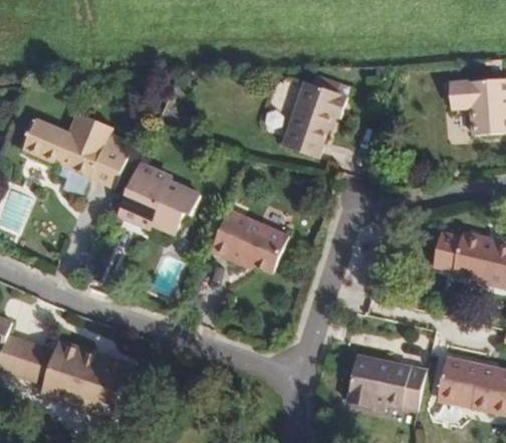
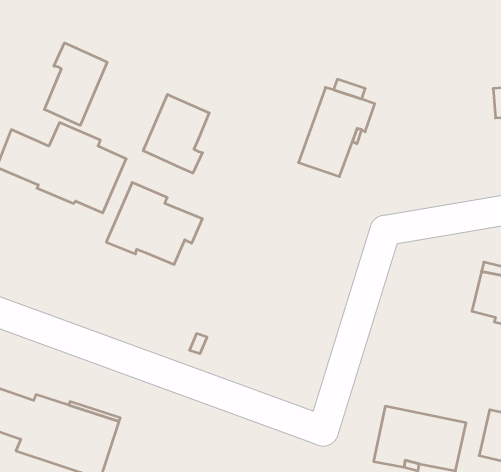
building: none -> [44,43,107,125]
building: none -> [143,94,209,173]
building: [211,209,288,271] -> none

